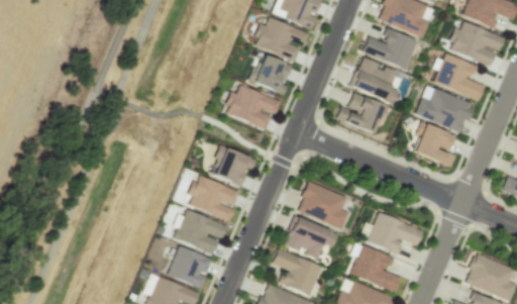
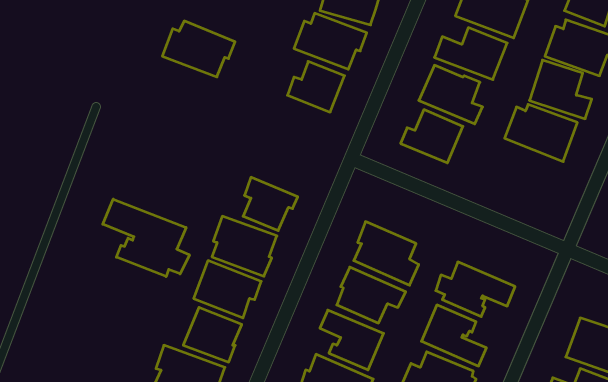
building: [223,85,280,128] -> [162,21,235,77]
building: [409,121,455,166] -> none
building: none -> [103,199,189,277]

